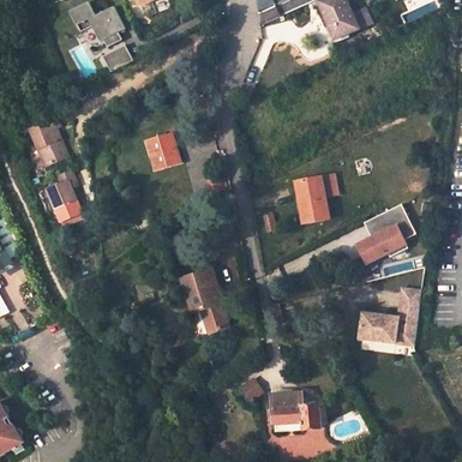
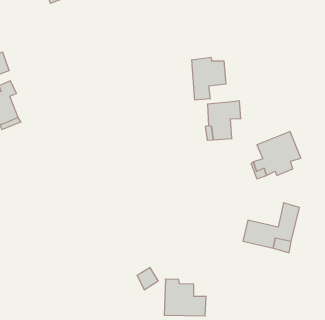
building: none -> [192,57,226,100]
building: [142,130,176,167] -> none
building: [180,265,227,334] -> none

